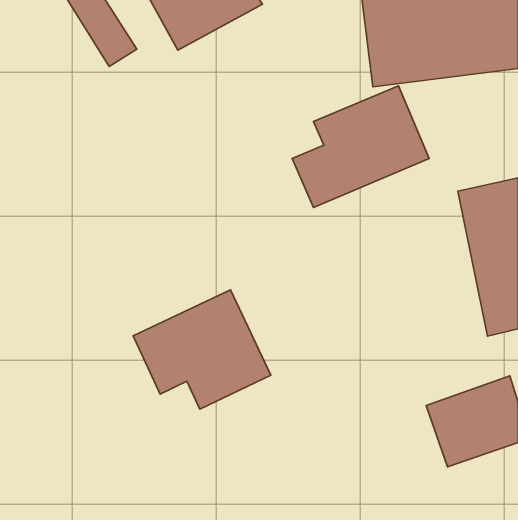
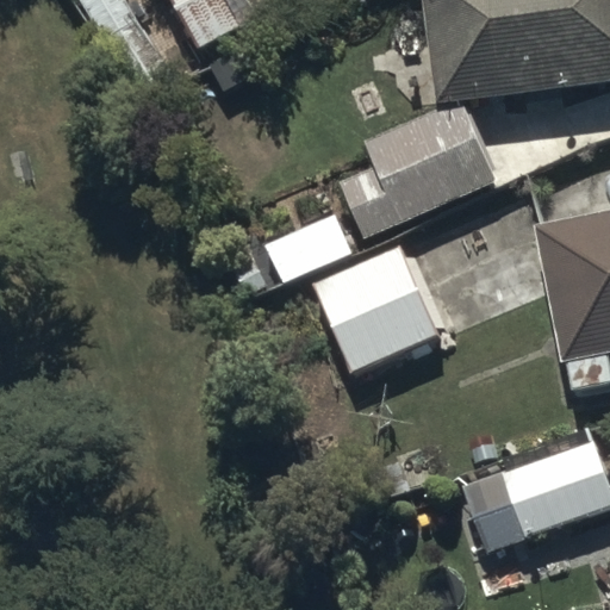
building: none -> [311,242,449,373]
building: [133,290,271,409] -> none

